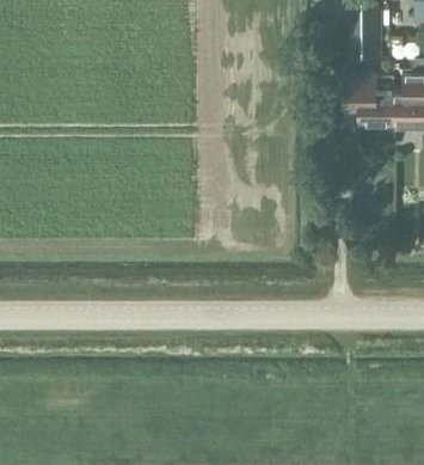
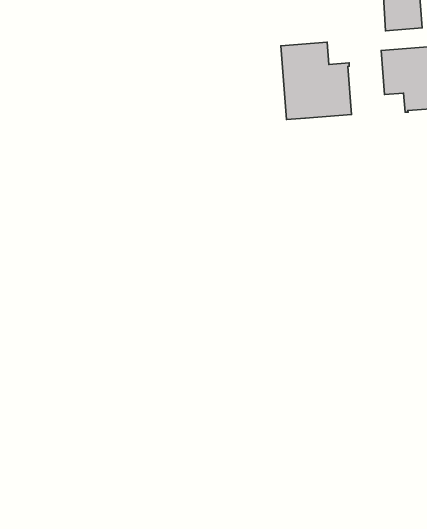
building: none -> [281,42,351,119]

